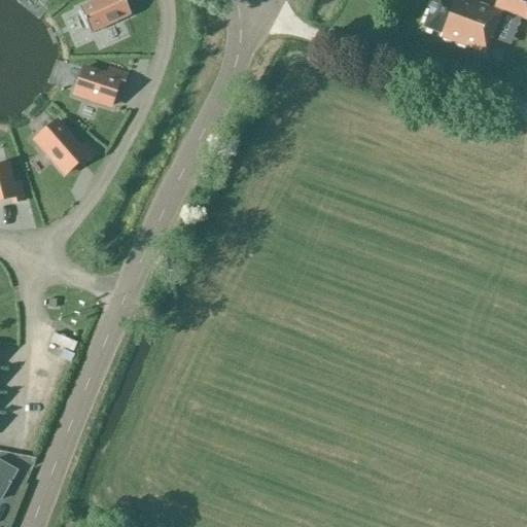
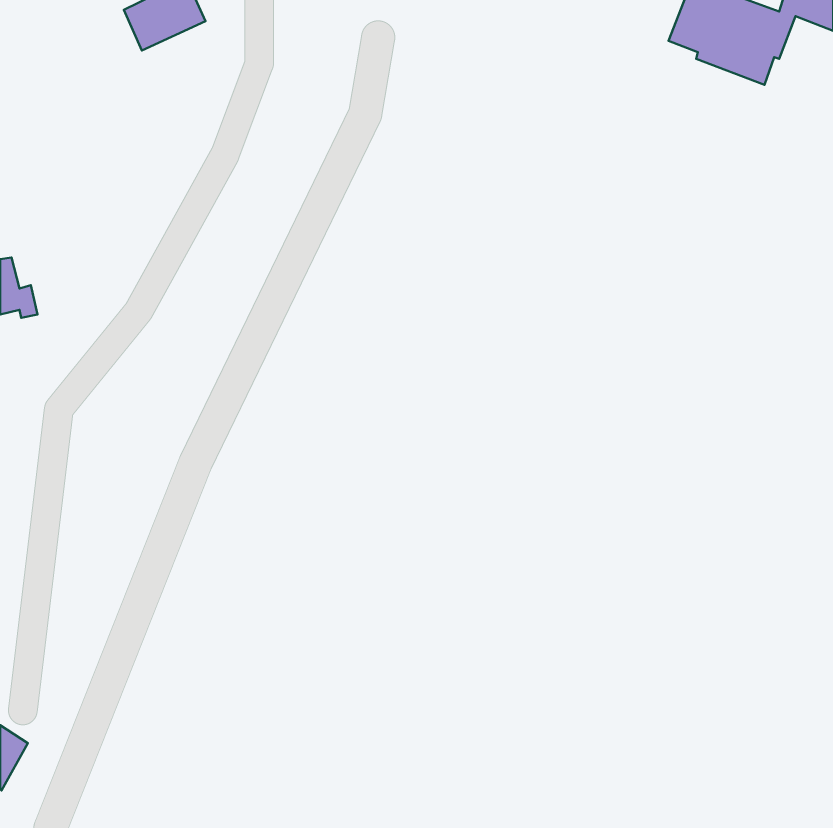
building: [74,66,127,105] -> none
building: [36,119,95,172] -> none

